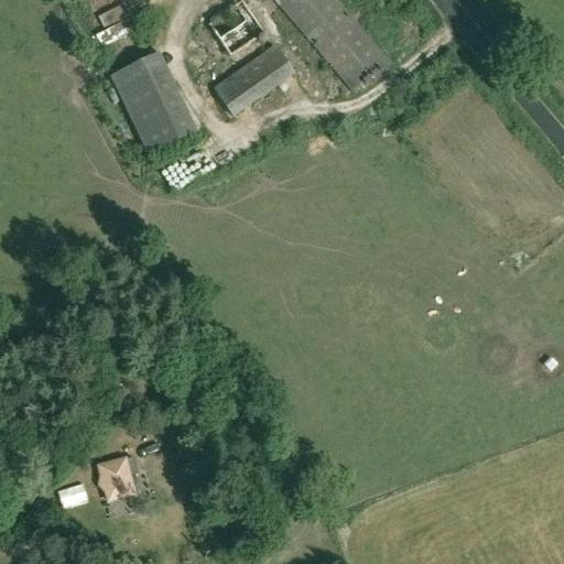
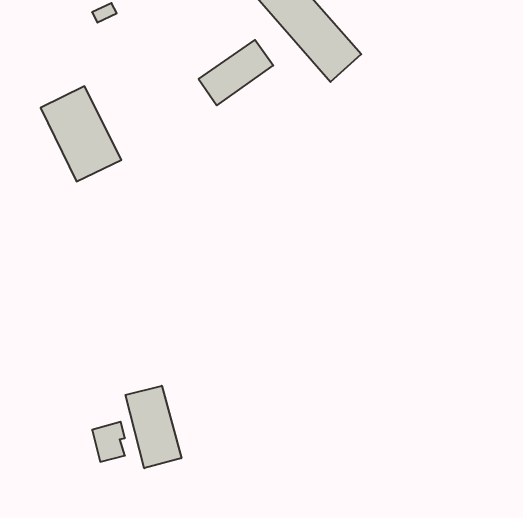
building: [110,50,197,152] -> [41,86,121,181]
building: none -> [125,386,181,468]

